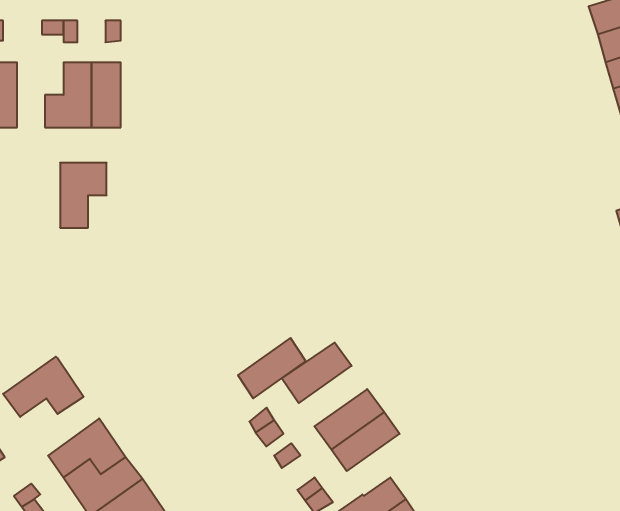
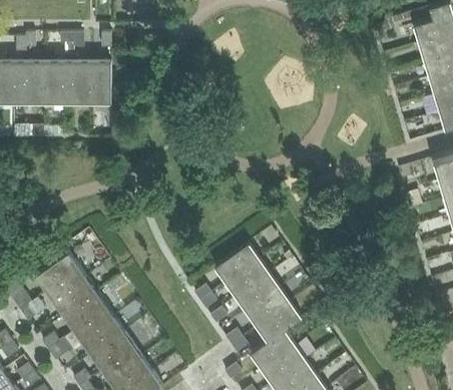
building: [60,163,107,228] -> [44,62,74,104]
building: [238,338,306,398] -> [227,259,271,298]
building: none -> [46,279,97,317]
building: none -> [258,303,303,343]

